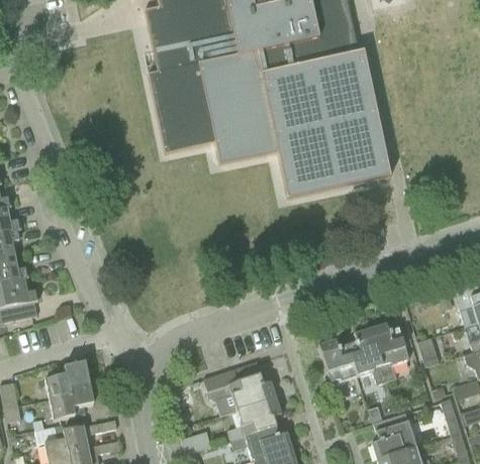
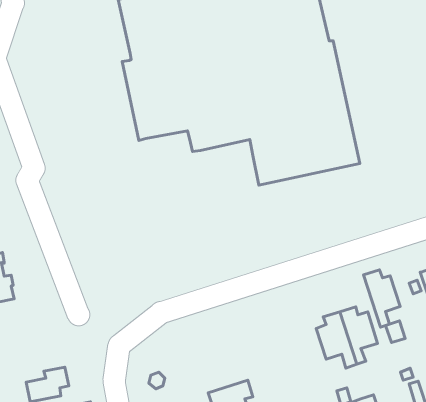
building: [319,339,357,397] -> [364,270,400,327]
building: [44,362,90,399] -> none
building: [203,362,277,416] -> none

